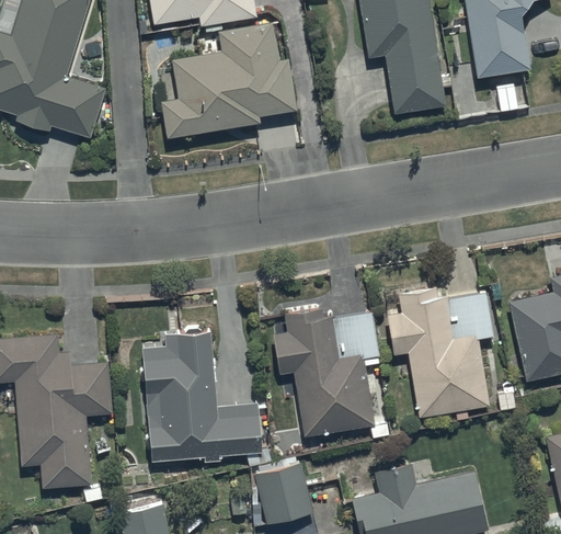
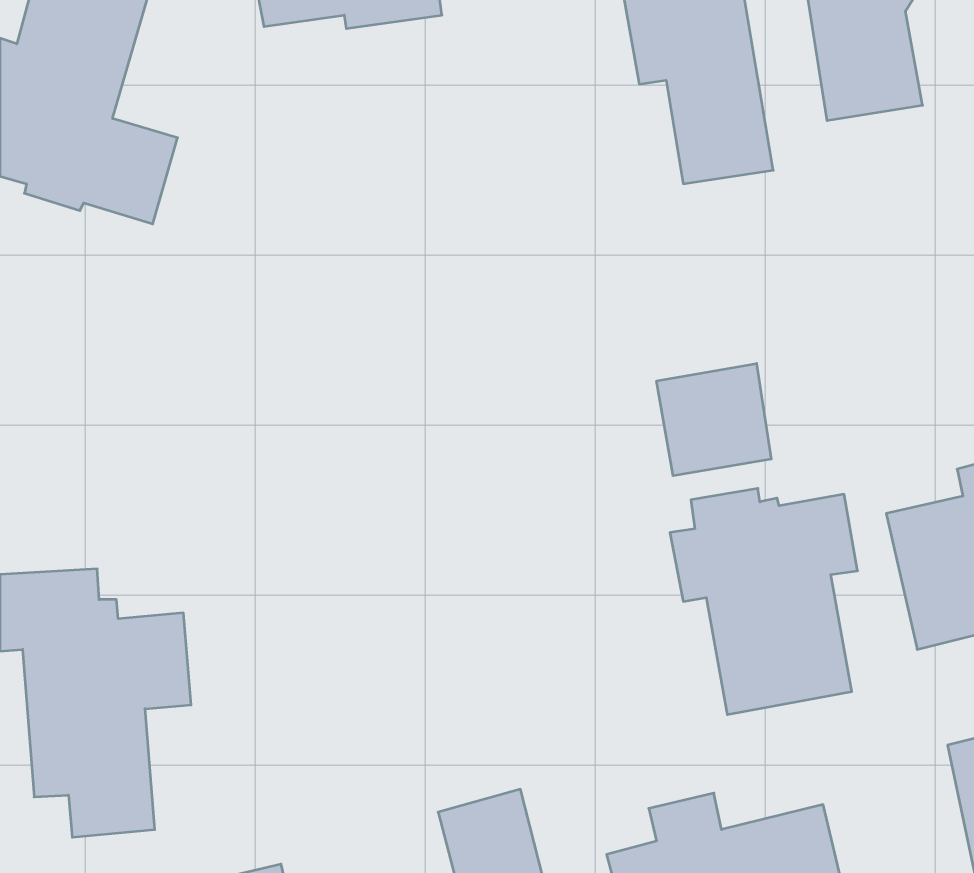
building: [161,22,296,138] -> none
building: none -> [657,363,771,476]
building: [273,308,381,436] -> none
building: [144,329,260,462] -> none

